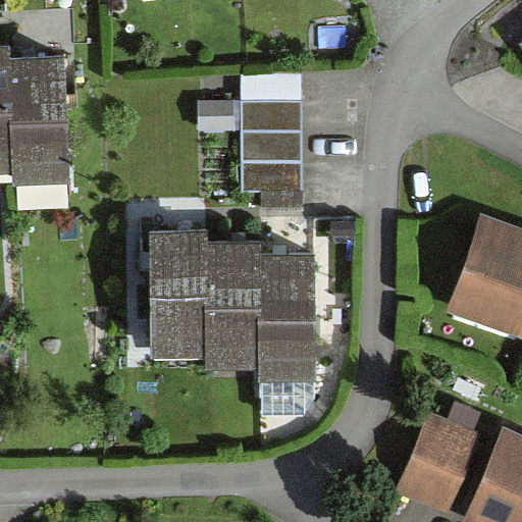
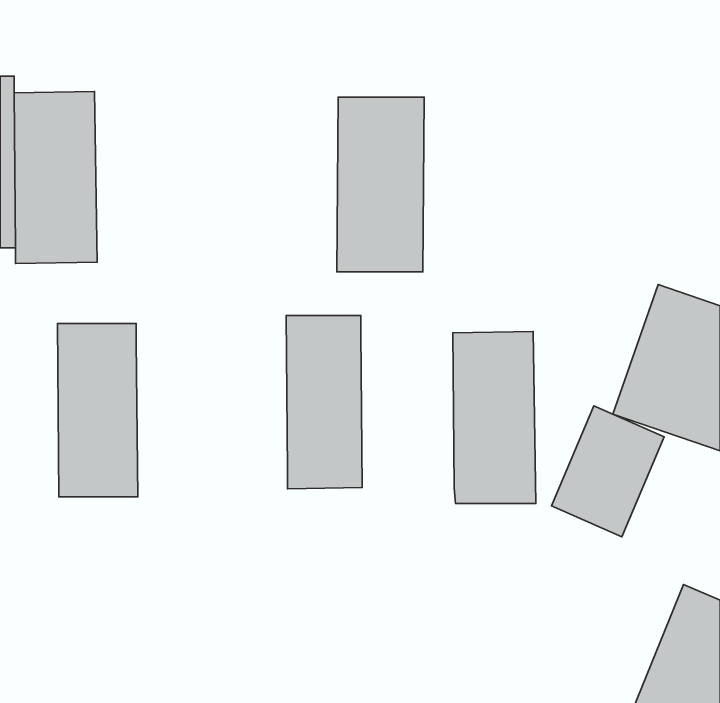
building: [150,227,208,353] -> [57,323,138,497]
building: [261,252,321,376] -> [453,332,536,503]
building: [393,418,474,513] -> [552,406,664,537]

